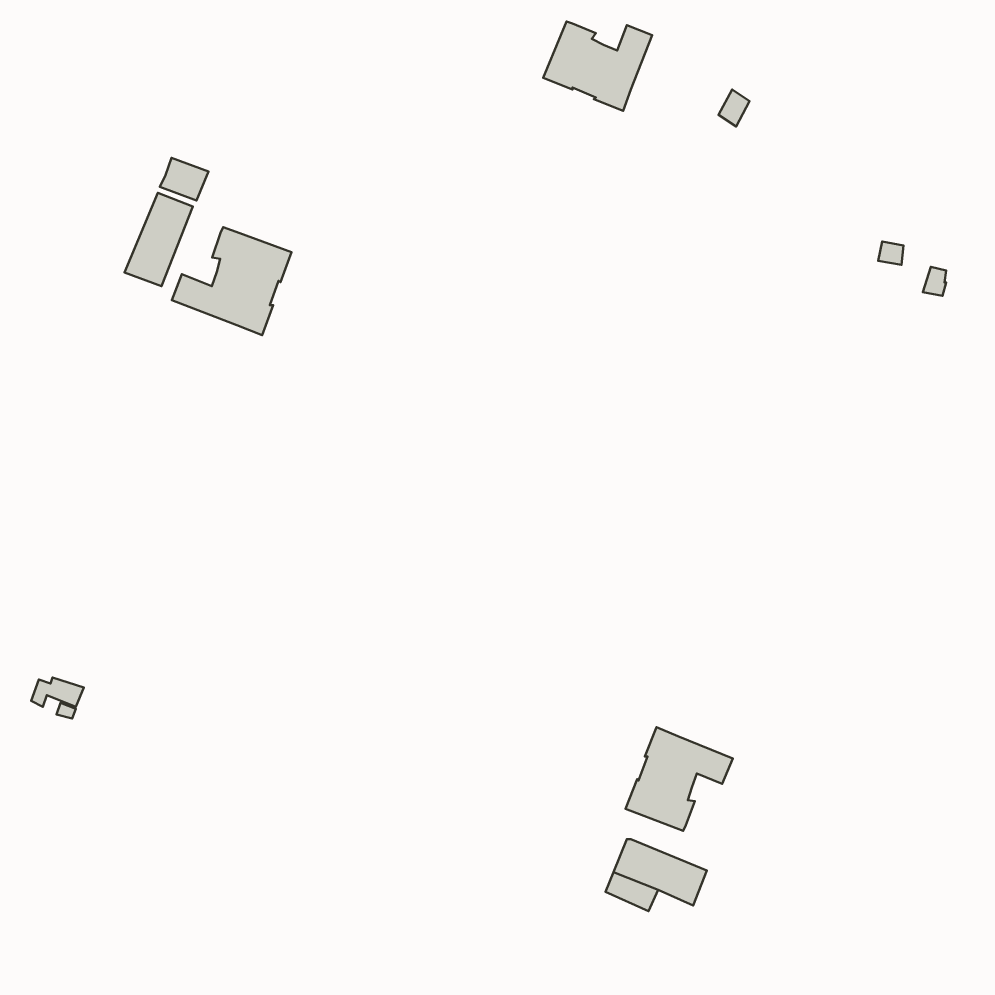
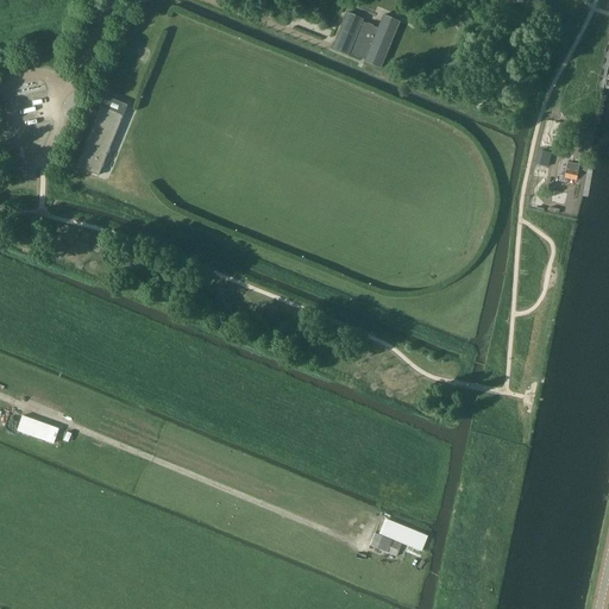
building: [172,227,292,335] -> none
building: [625,727,733,831] -> none

